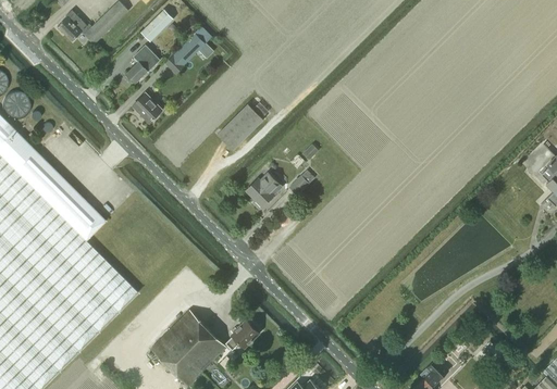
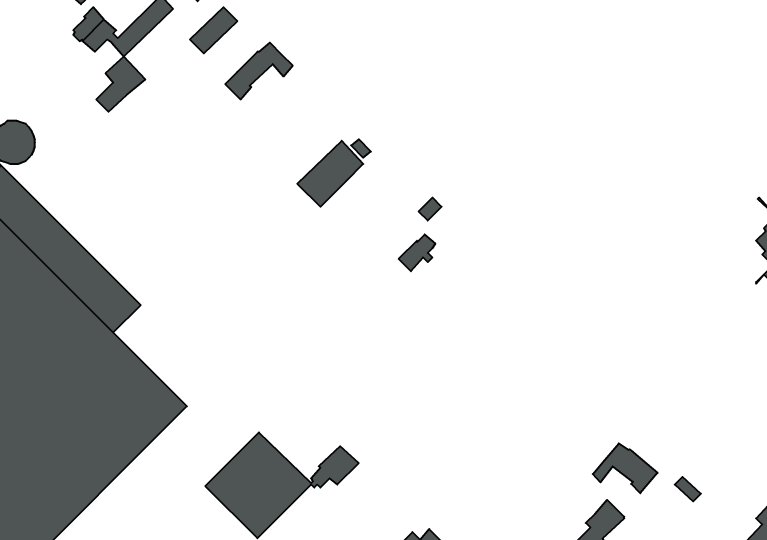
building: [126,43,161,83] -> [96,56,145,112]
building: [133,92,162,122] -> none
building: [246,172,280,206] -> none
building: none -> [593,443,658,493]

